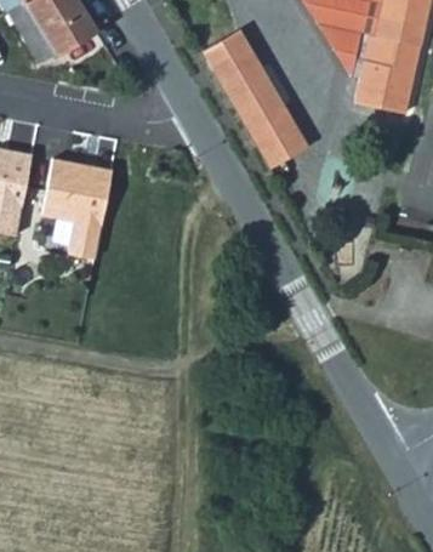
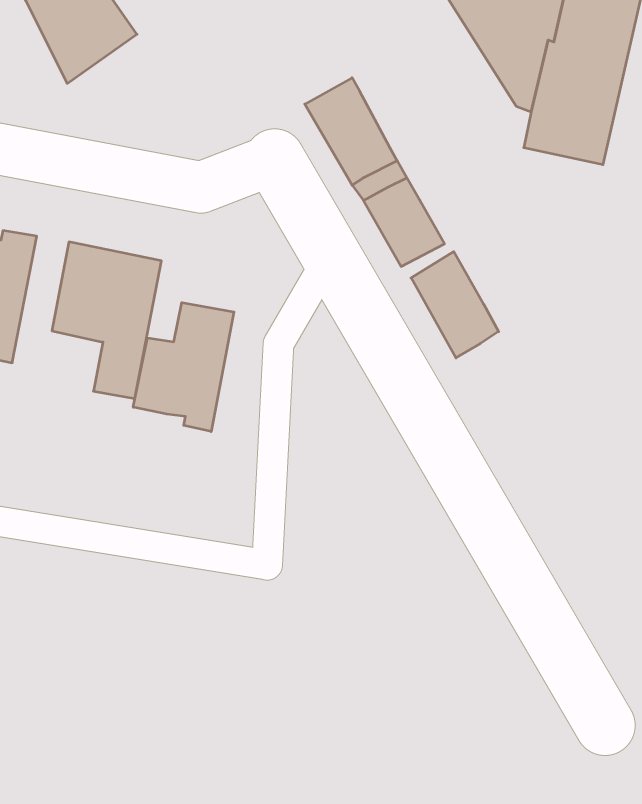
building: none -> [411,252,499,358]
building: none -> [133,303,234,432]

